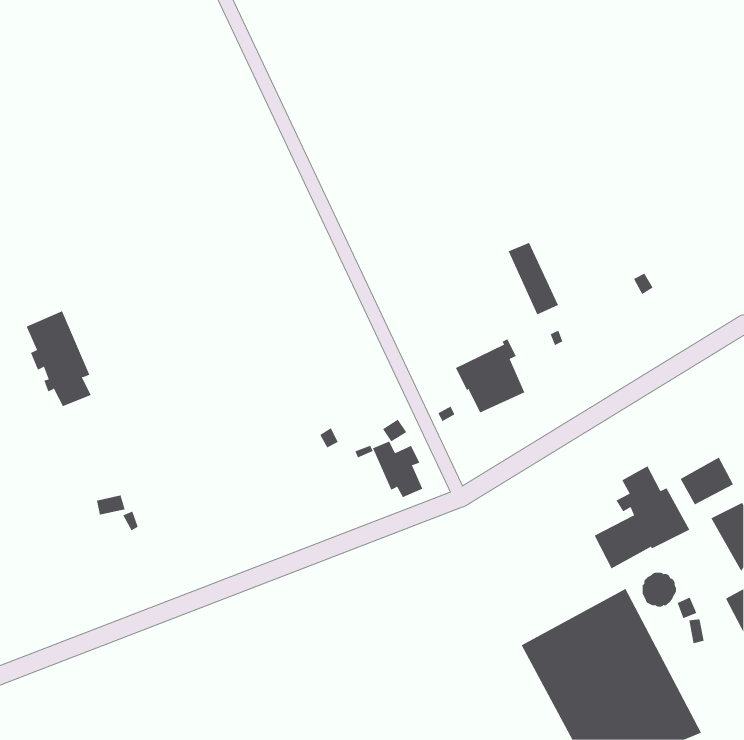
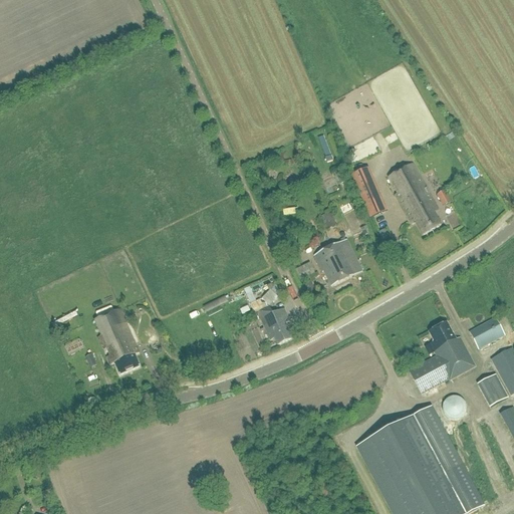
building: none -> [388,162,441,233]
building: [26,311,92,407] -> [94,306,140,372]
building: none -> [478,372,507,405]

